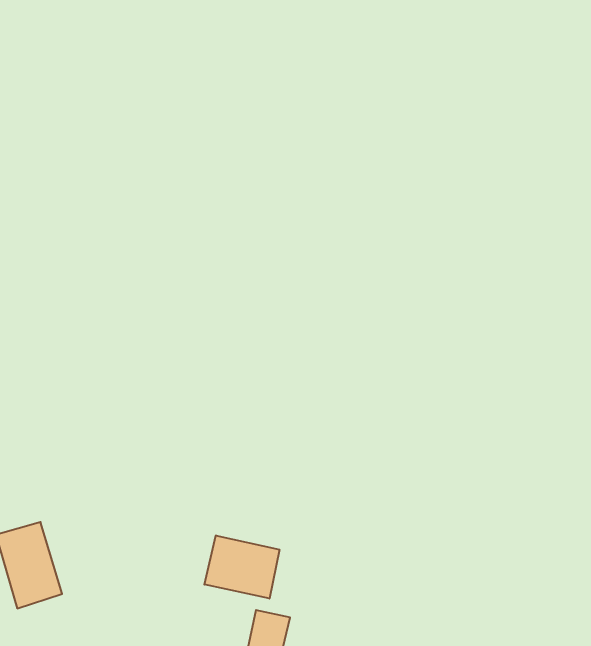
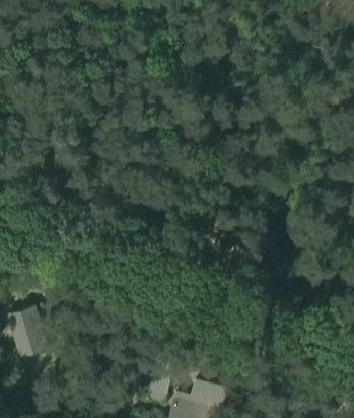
building: [204,535,279,599] -> none

